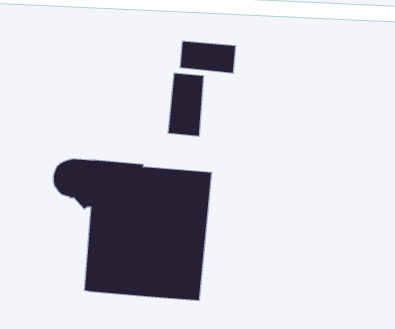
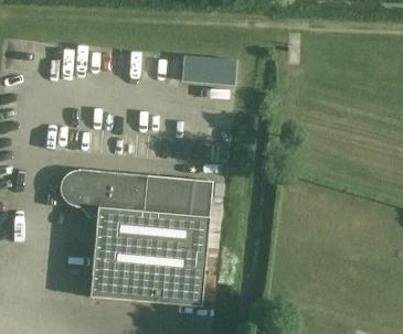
building: [168,73,204,136] -> none

